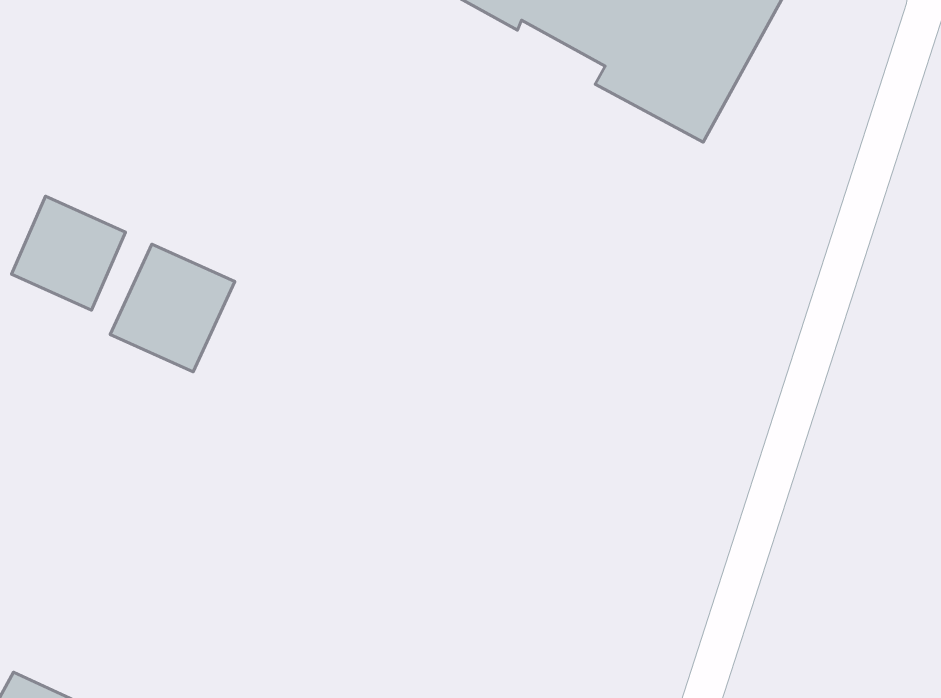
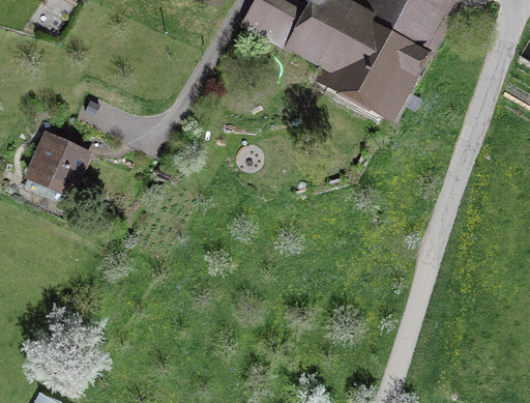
building: [110,244,235,372] -> none

